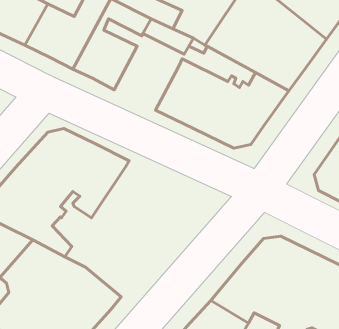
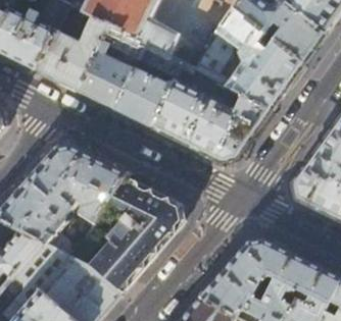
building: none -> [114,68,172,125]
building: none -> [70,175,184,291]

